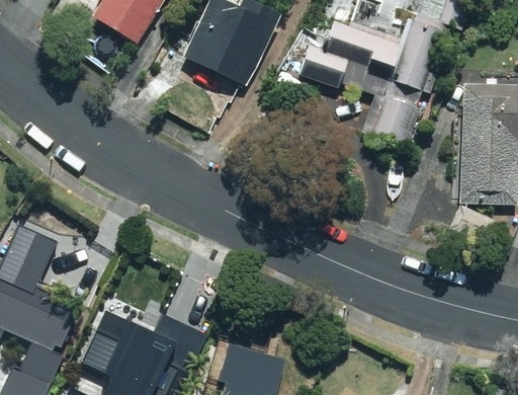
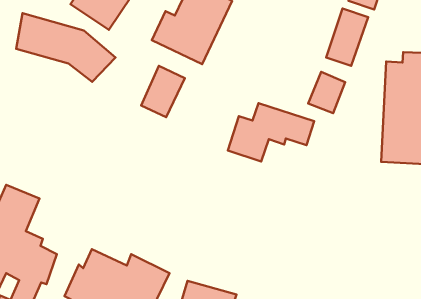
building: [300,17,403,86] -> [228,103,314,162]
building: none -> [16,13,115,82]
building: none -> [141,66,185,117]

